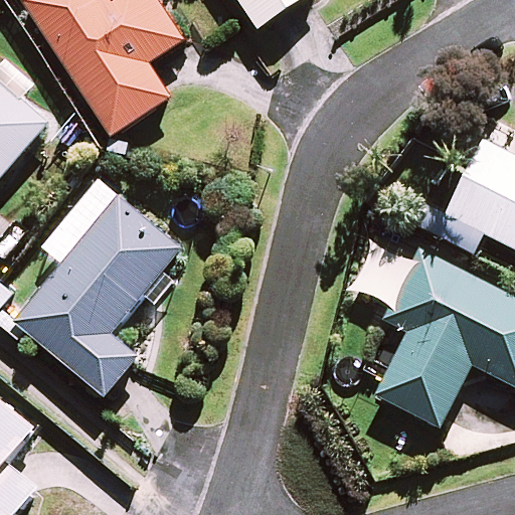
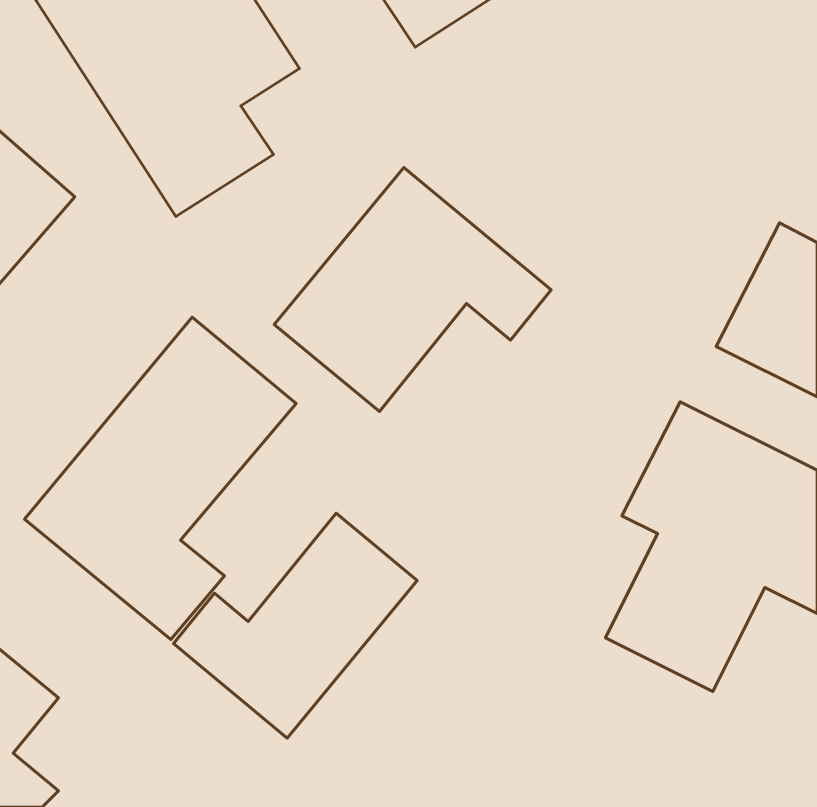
building: none -> [274,167,551,412]
building: none -> [174,513,417,738]

